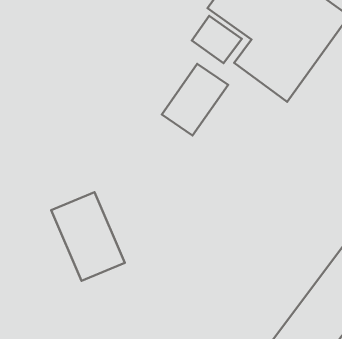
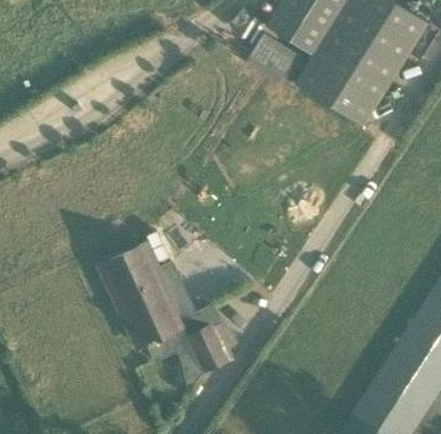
building: [162,64,228,135] -> none
building: none -> [179,319,234,377]

